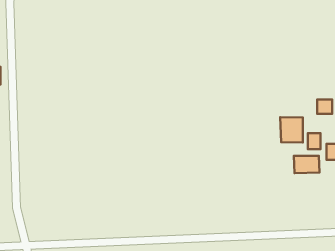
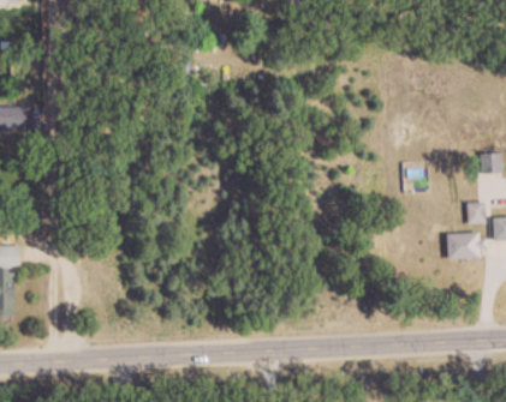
building: [280,117,303,142] -> none

